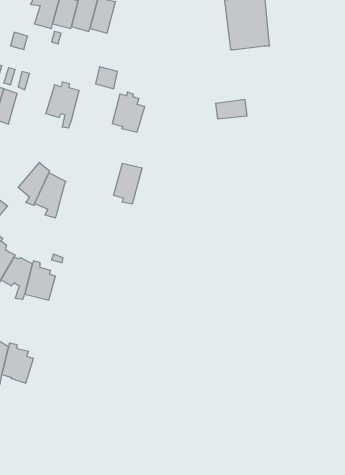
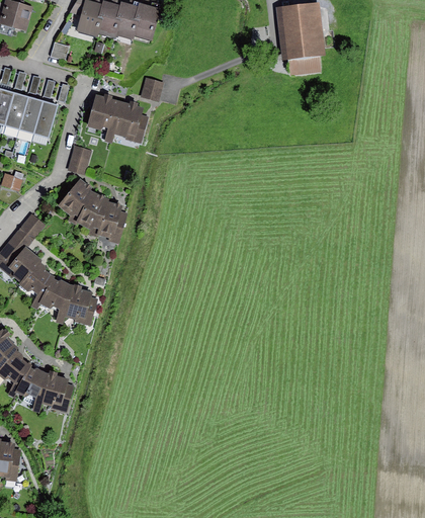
building: [112,92,145,132] -> [114,100,149,143]
building: [215,100,247,119] -> [287,55,321,75]
building: none -> [67,144,90,173]
building: [113,164,142,204] -> [98,200,129,243]

